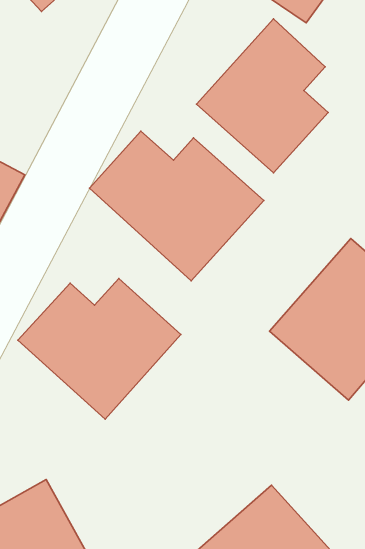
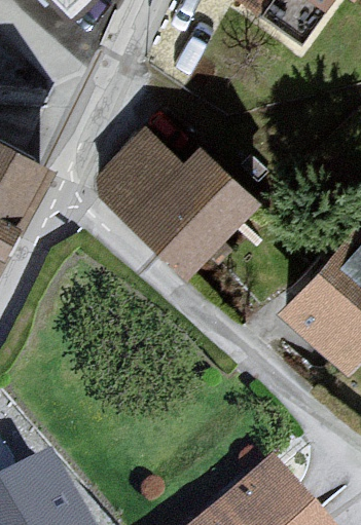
building: [197,19,328,173] -> none
building: [18,278,181,419] -> none

